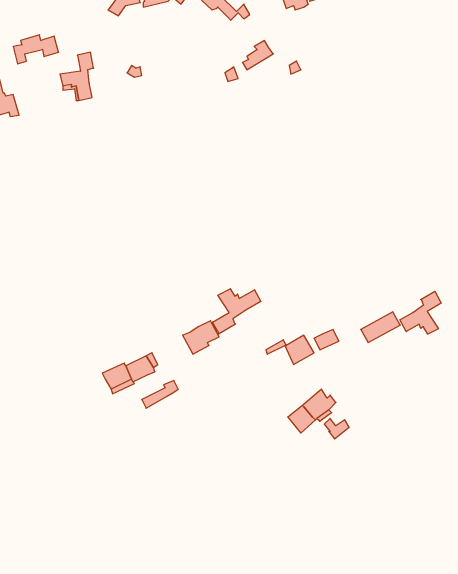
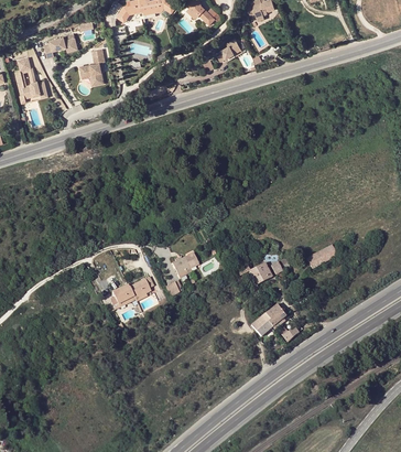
building: [213,289,261,334] -> none
building: [400,291,441,334] -> none

